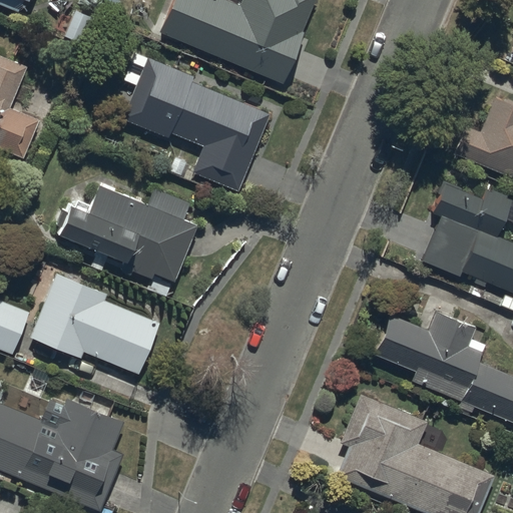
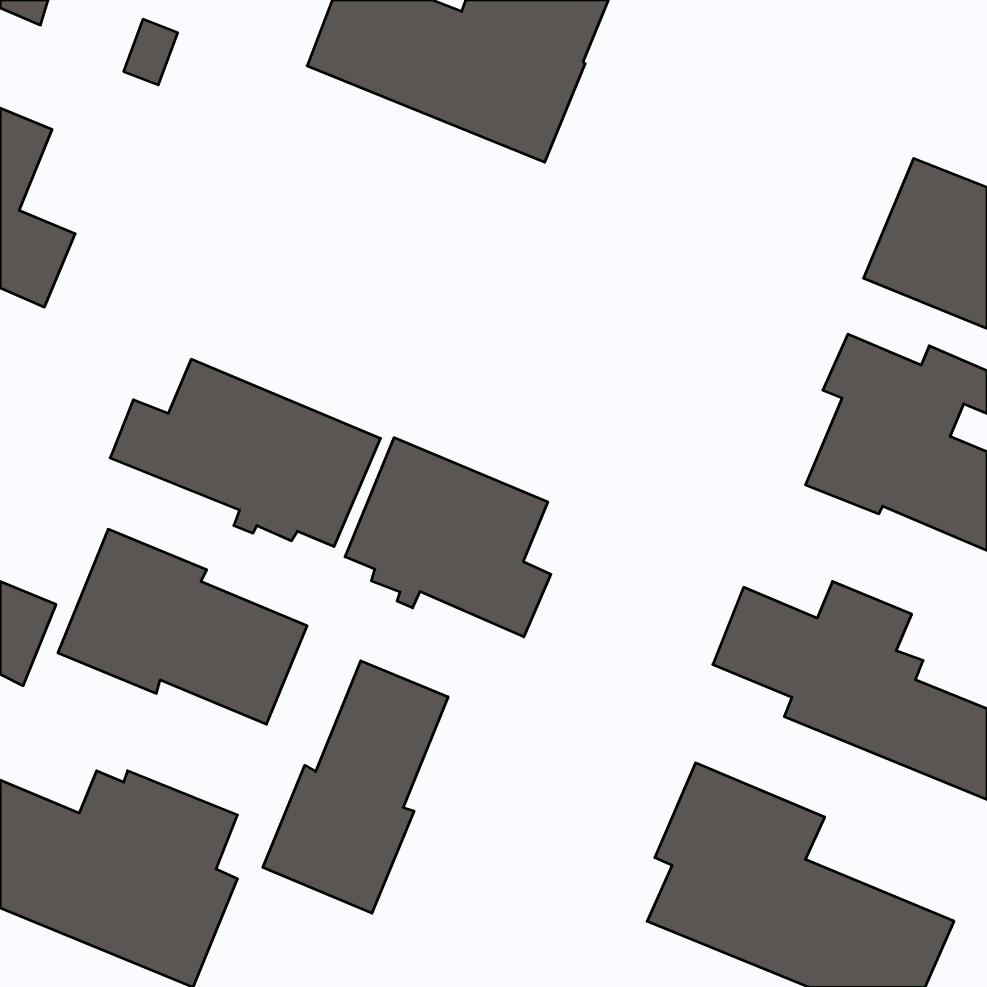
building: [122,59,269,192] -> none
building: none -> [345,438,551,637]
building: none -> [263,661,448,913]

